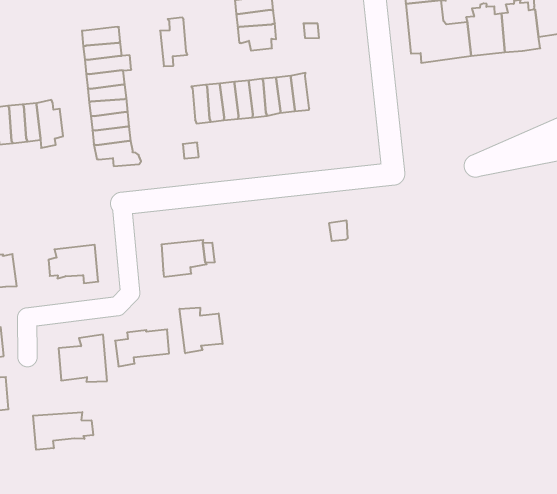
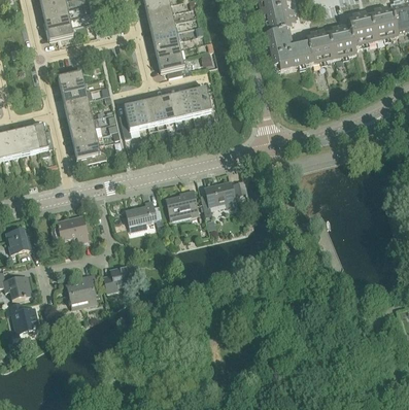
building: [160,18,187,66] -> [120,104,139,137]
building: none -> [200,180,236,215]
building: none -> [166,190,198,217]
building: [180,308,223,353] -> none
building: [33,412,93,450] -> none

